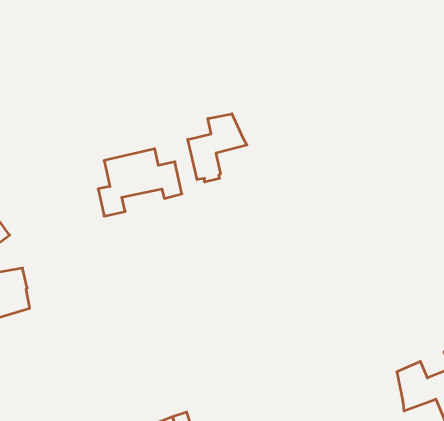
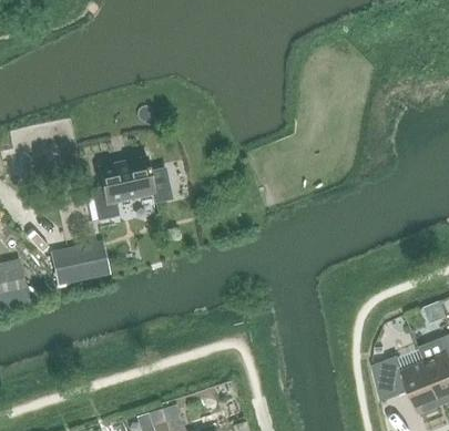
building: [188,114,247,182] -> none
building: none -> [52,246,110,284]

